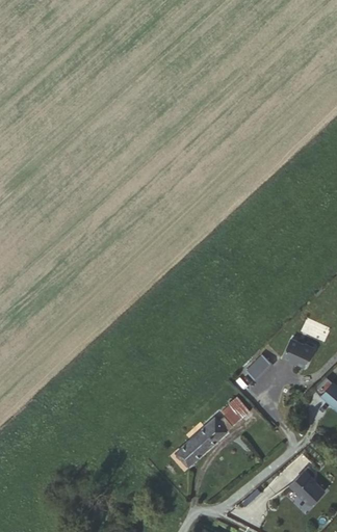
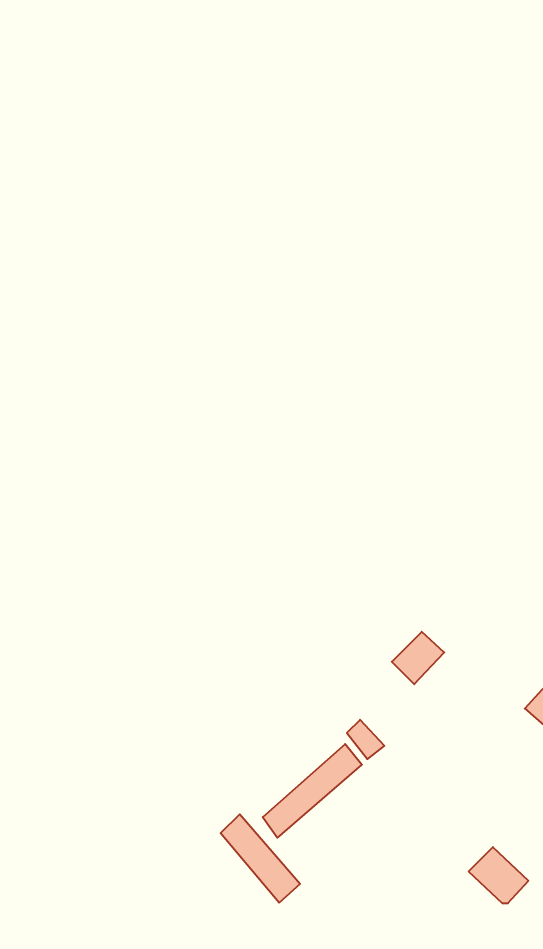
building: [284,337,318,369] -> none
building: none -> [221,814,300,903]

